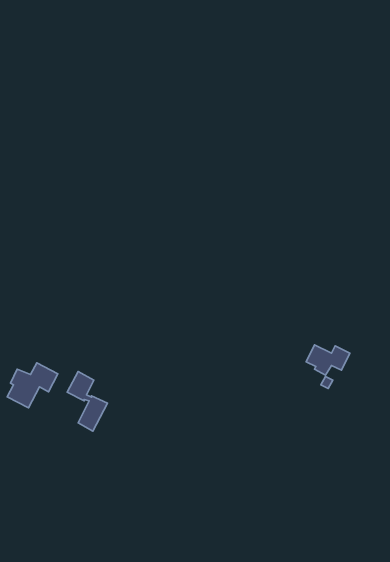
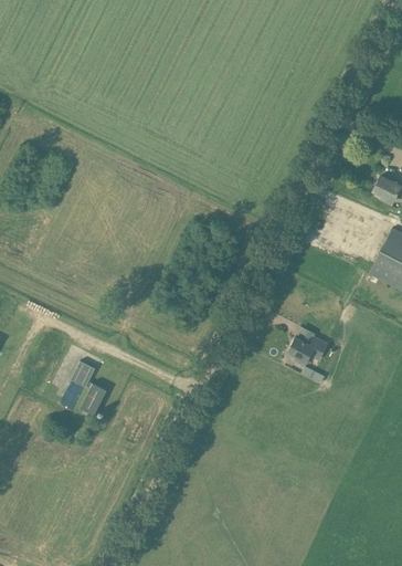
building: [7,363,58,408] -> none

